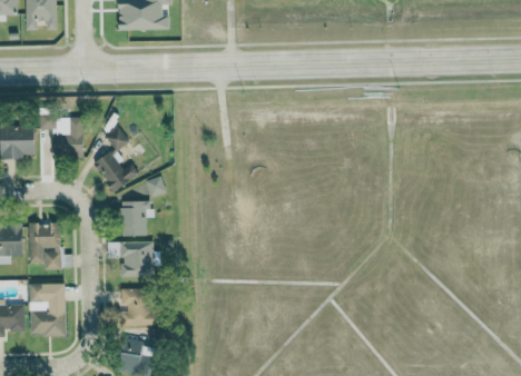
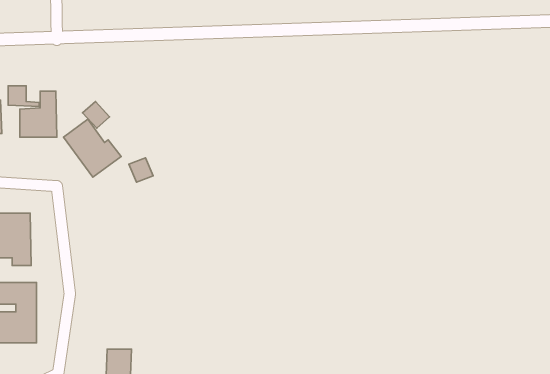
building: [119,201,147,237] -> none
building: [106,241,153,277] -> none
building: [120,288,153,327] -> none

